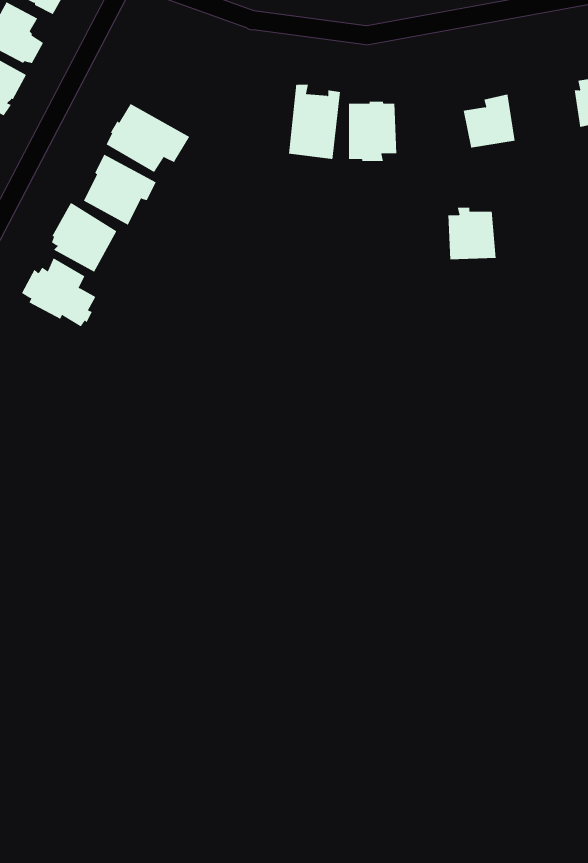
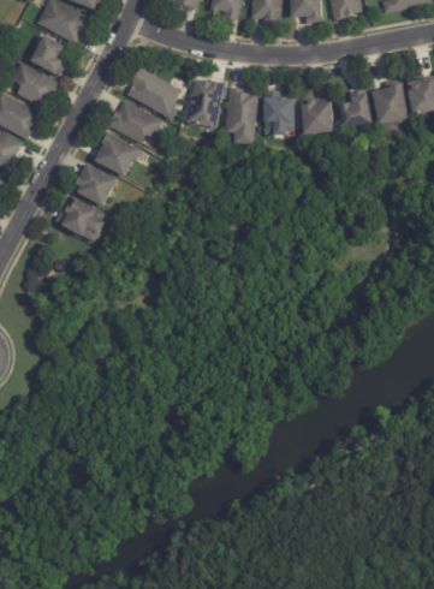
building: none -> [126,66,180,117]
building: none -> [186,78,224,126]
building: none -> [371,83,408,125]
building: [448,207,496,260] -> [301,100,332,133]

